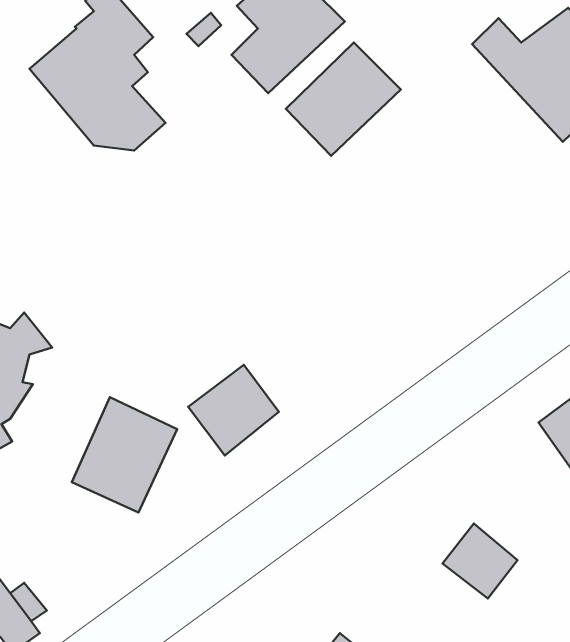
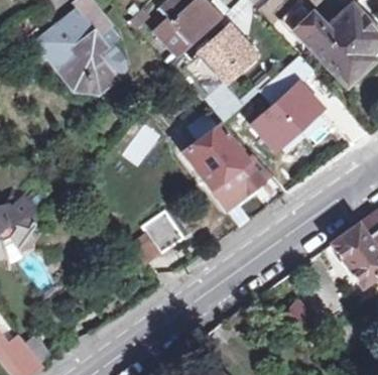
building: none -> [249,56,323,150]
building: none -> [180,125,269,207]
building: [72,397,177,513] -> none

